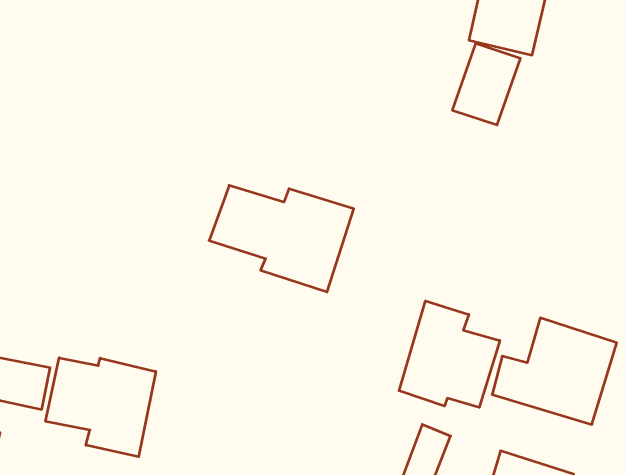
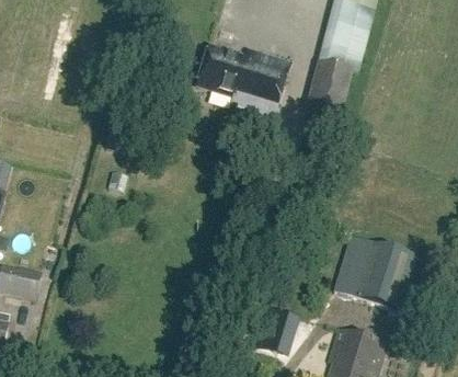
building: [209,185,354,292] -> [197,45,293,115]
building: [399,301,500,407] -> none
building: [46,358,156,457] -> none

